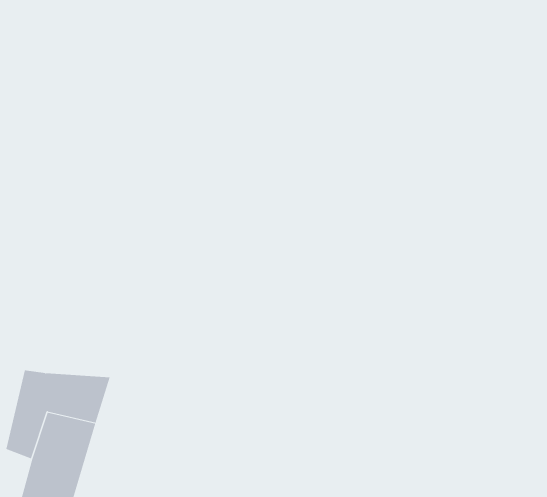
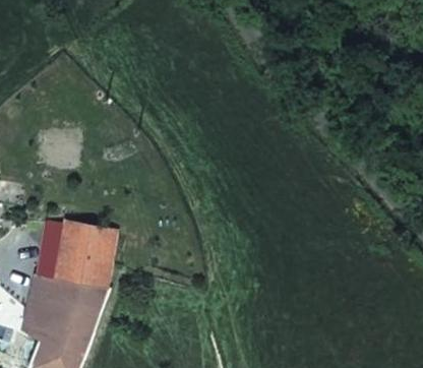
building: none -> [54,221,105,274]

